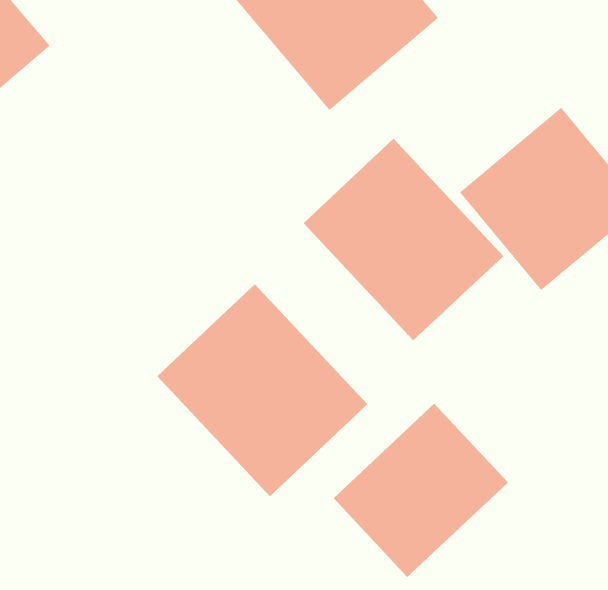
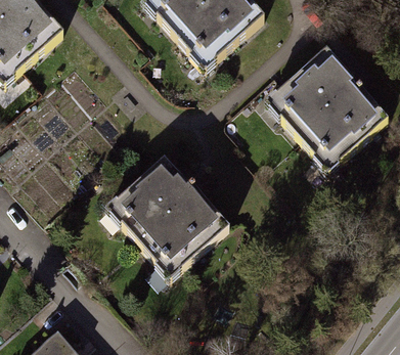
building: [303,138,504,341] -> none
building: [333,403,509,578] -> none

